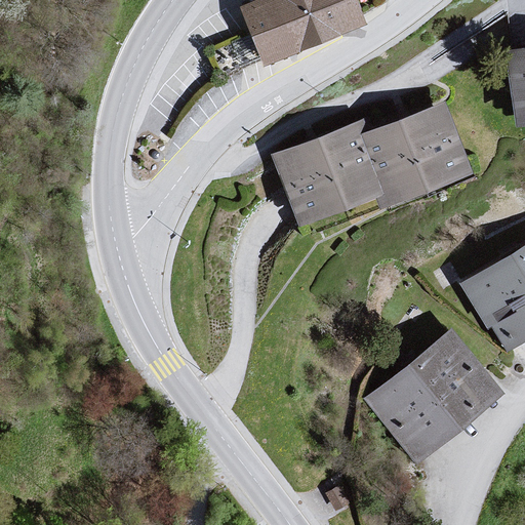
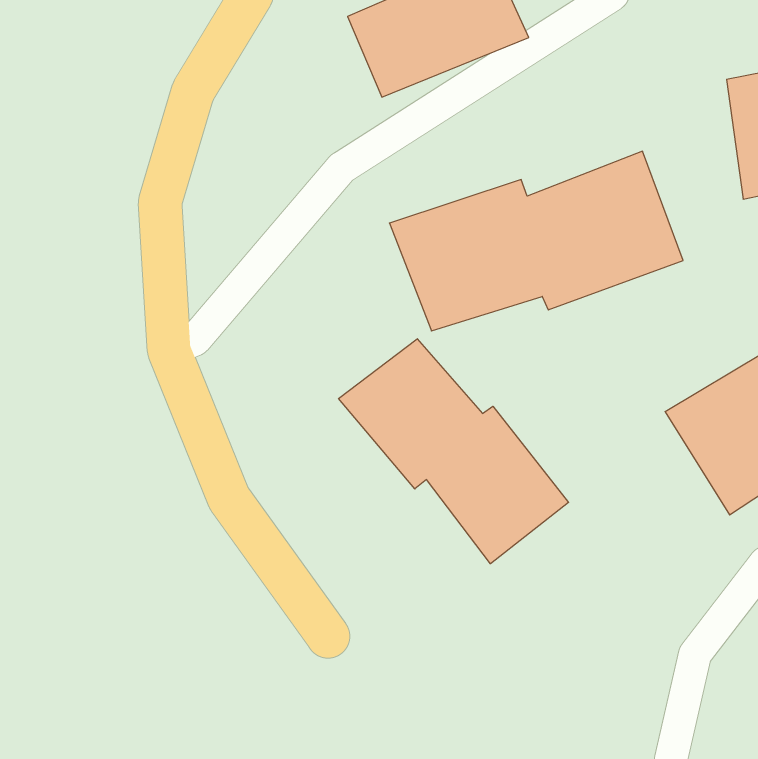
building: none -> [339,339,569,564]
building: [367,326,504,460] -> none

